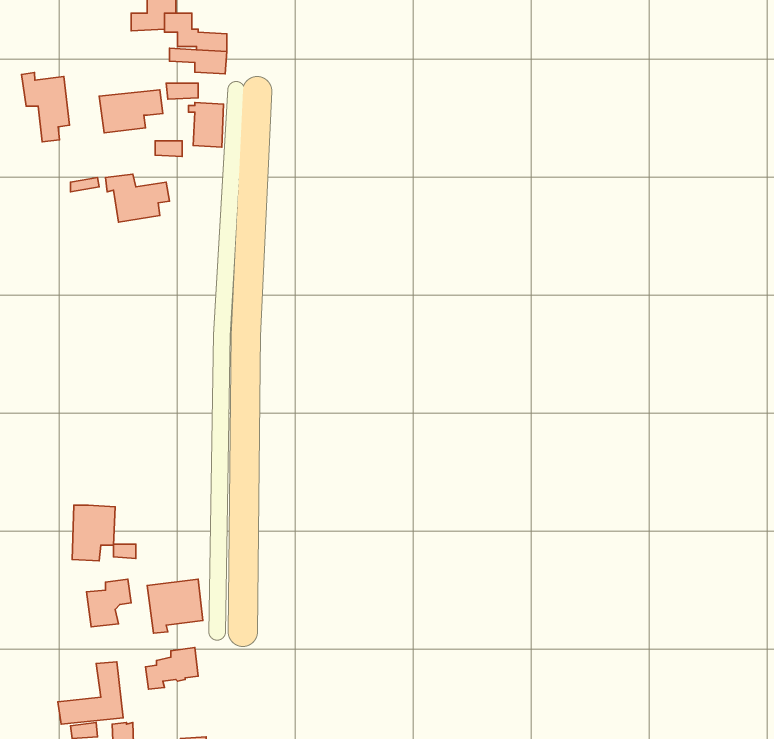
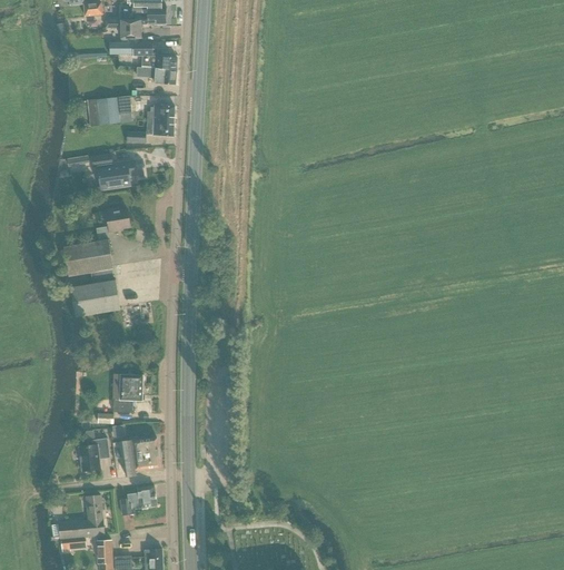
building: [22,72,70,142] -> none
building: none -> [62,207,129,316]
building: [72,505,115,561] -> [112,373,142,412]

